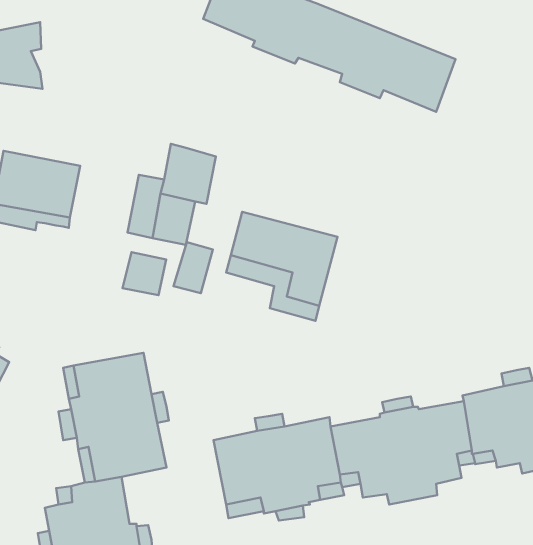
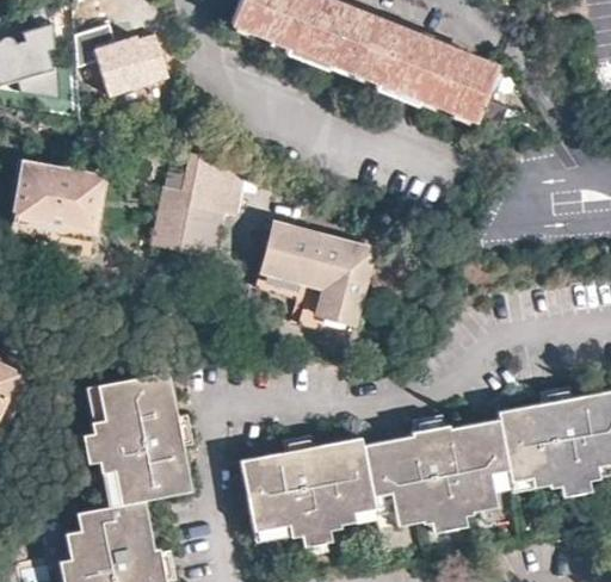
building: none -> [75,19,169,97]
building: [173,242,213,293] -> none
building: [122,252,166,295] -> none

